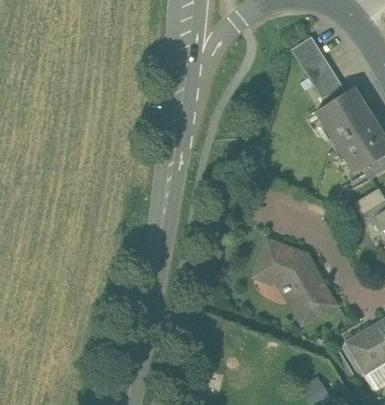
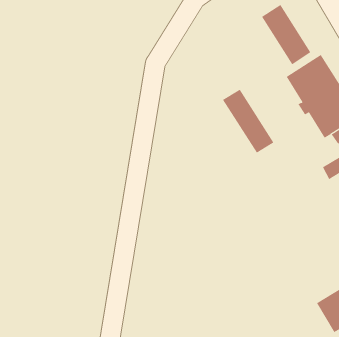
building: none -> [222,89,274,154]
building: [255,242,334,323] -> none

